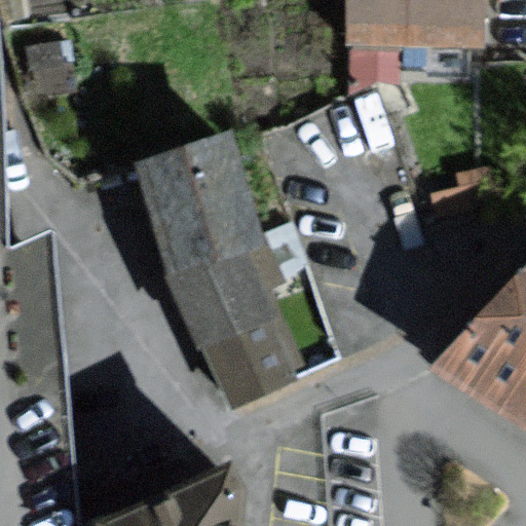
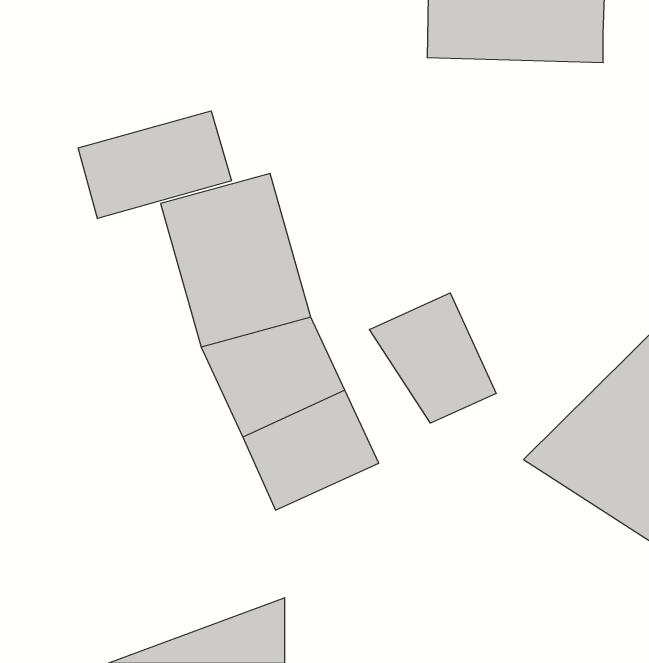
building: none -> [78,111,232,219]
building: none -> [369,293,496,423]

